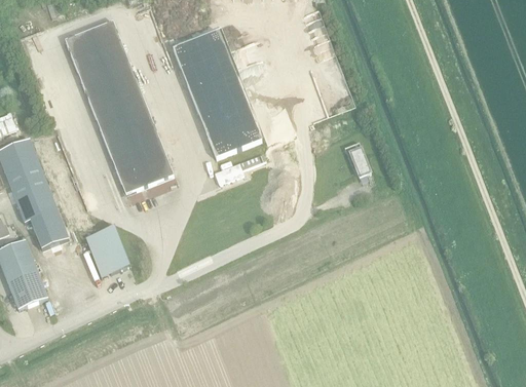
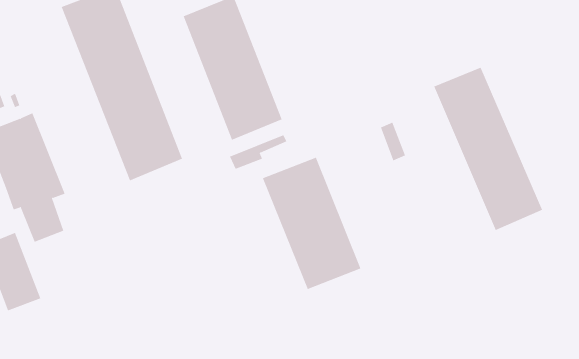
building: none -> [434,67,543,231]
building: none -> [262,157,361,290]
building: [93,226,128,272] -> none

